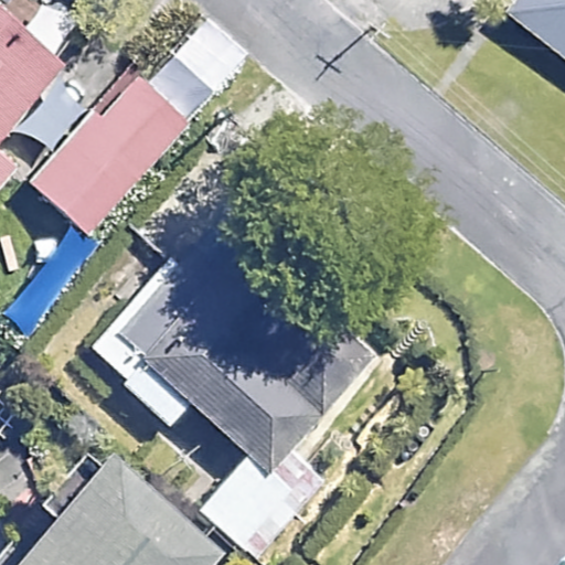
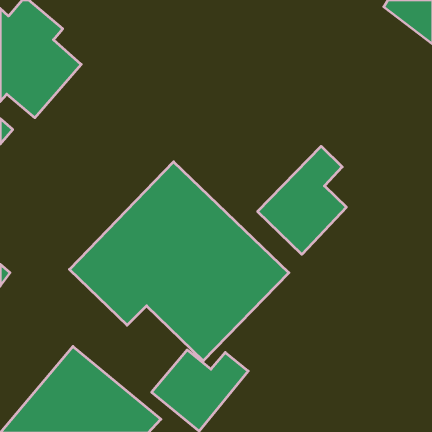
building: [29,72,186,234] -> none
building: none -> [258,146,346,254]

